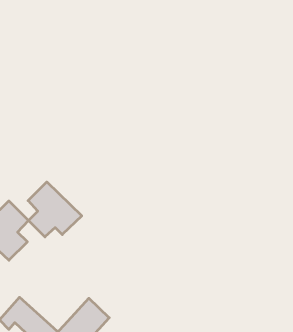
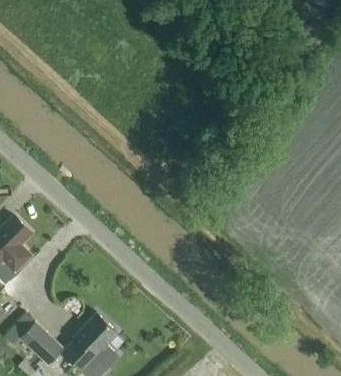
building: [28,182,82,237] -> none

